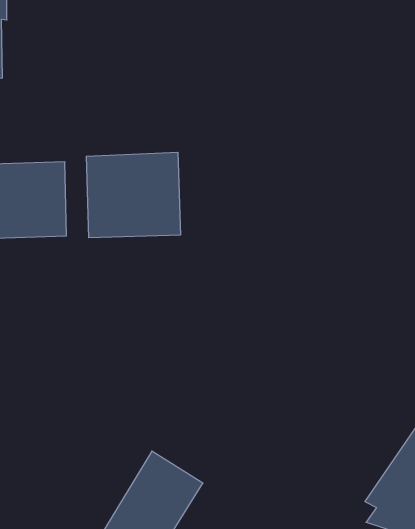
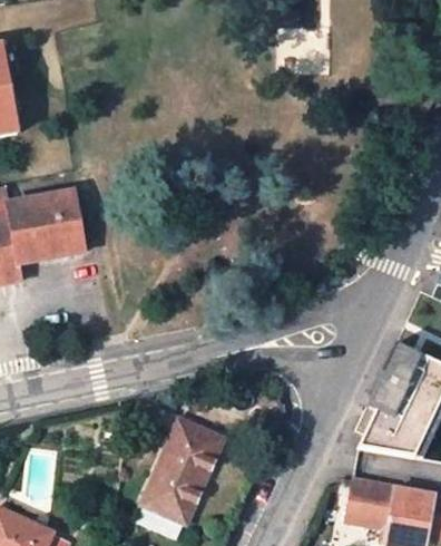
building: [86,152,180,238] -> none

